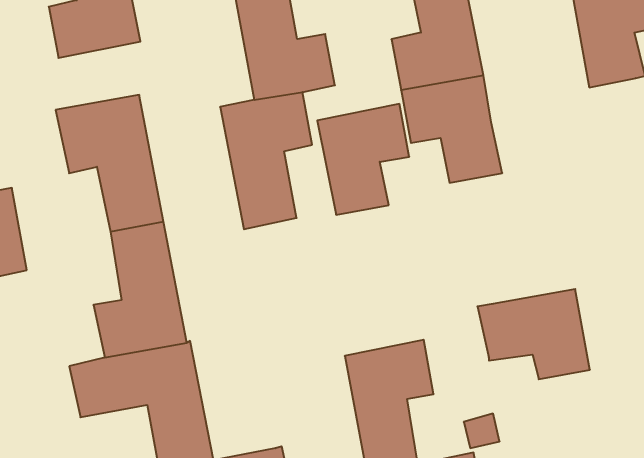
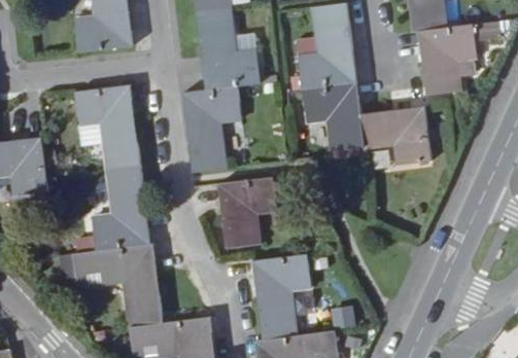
building: [317,104,409,215] -> [217,178,276,248]
building: [477,289,590,379] -> [359,107,430,165]

